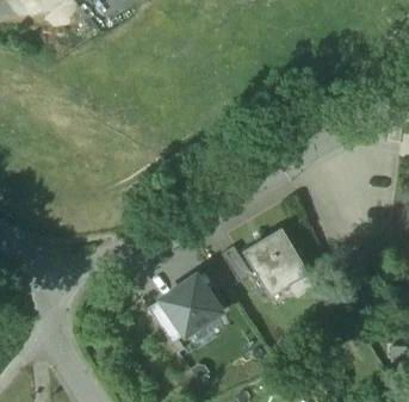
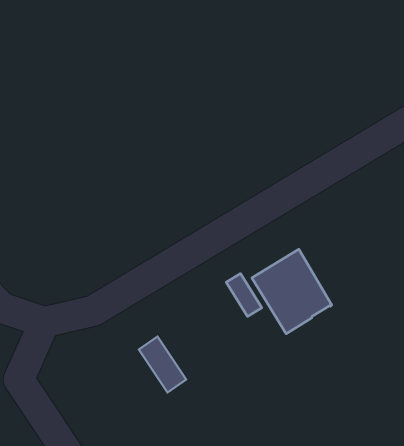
building: [163,277,221,335] -> none

